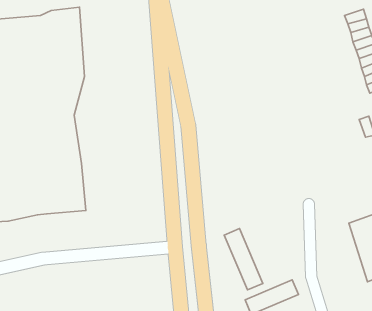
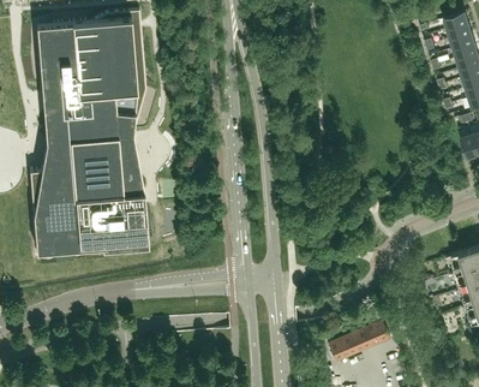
building: [224,229,263,290] -> none

